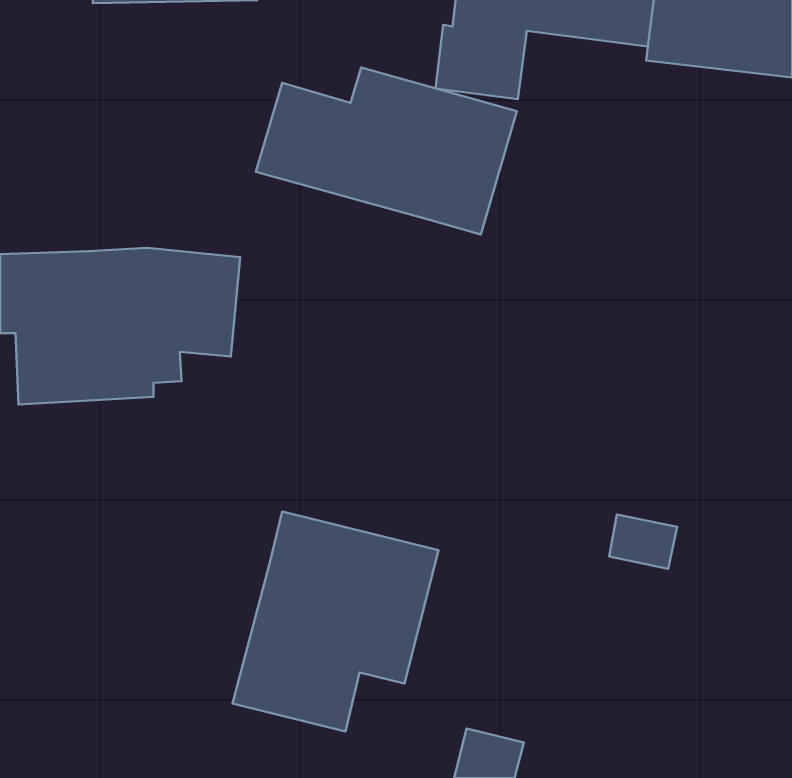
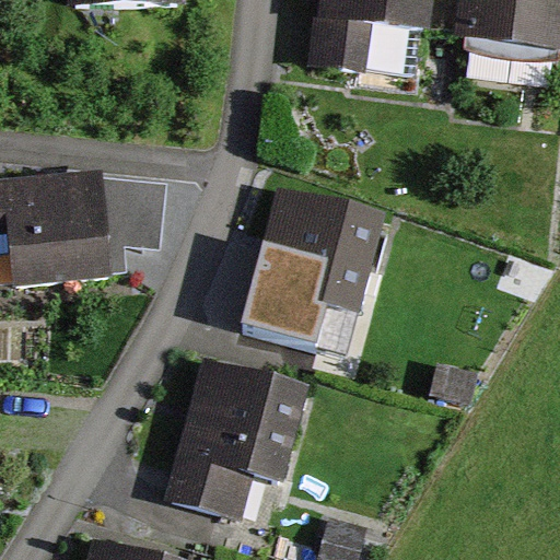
building: [256,67,517,235] -> none
building: none -> [240,191,383,351]

